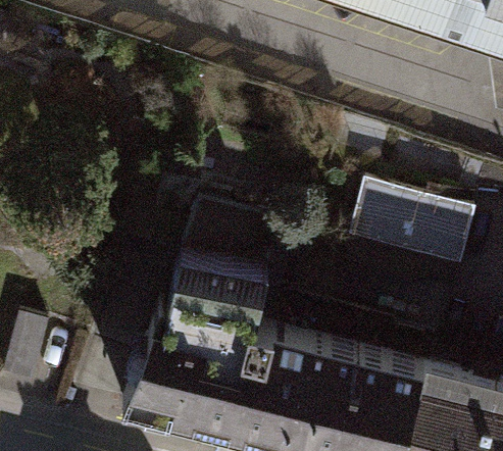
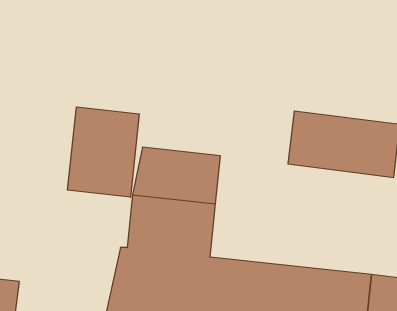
building: none -> [68,107,139,197]

